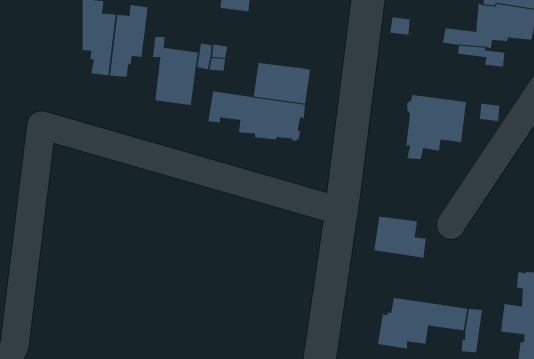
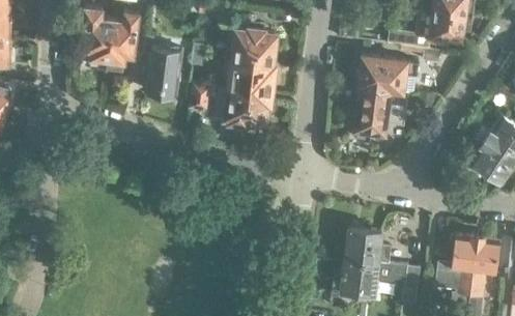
building: none -> [231,26,276,63]
building: none -> [354,55,419,91]
building: [374,216,426,258] -> [345,227,390,262]

